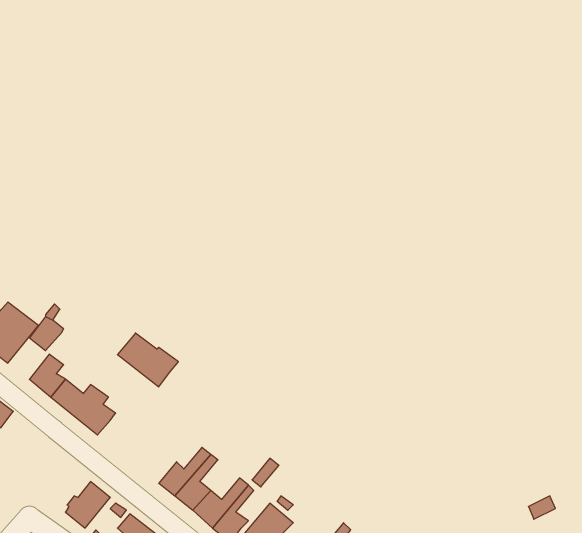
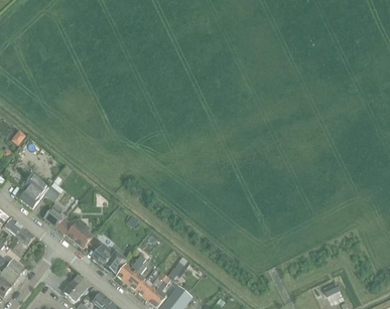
building: [117,333,178,387] -> [91,243,125,273]

